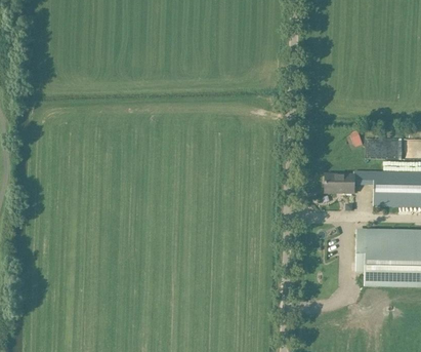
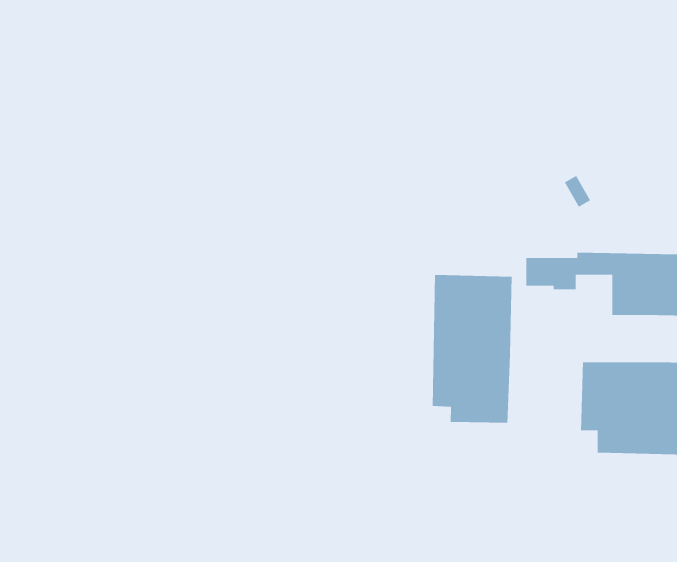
building: none -> [432,274,512,423]

